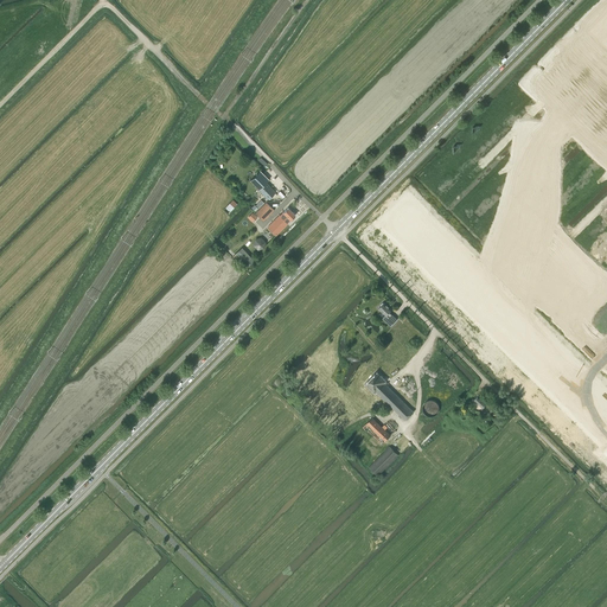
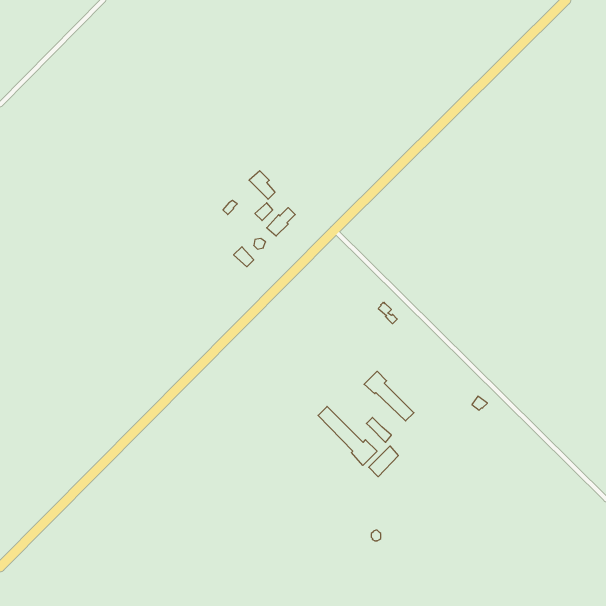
building: none -> [318,406,377,465]

